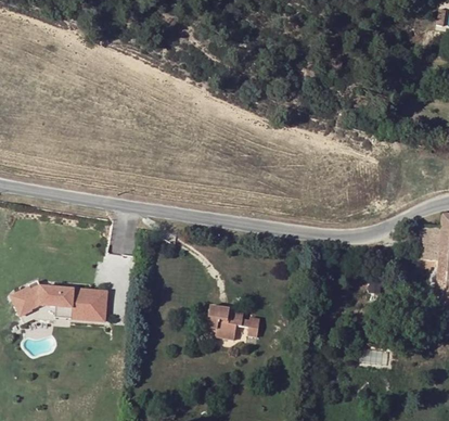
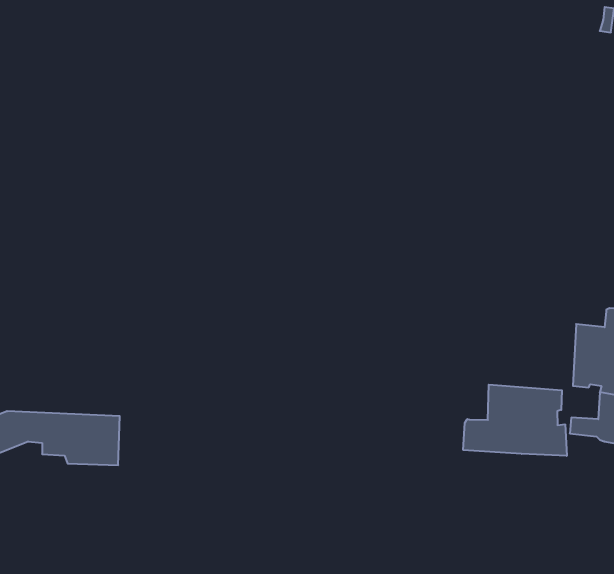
building: none -> [463,385,567,456]
building: [207,305,260,339] -> none

